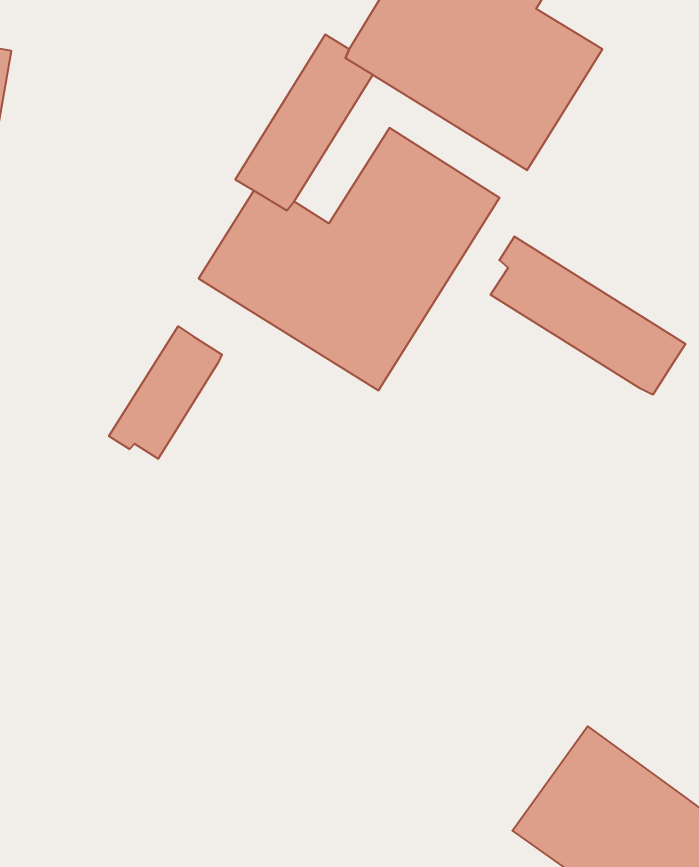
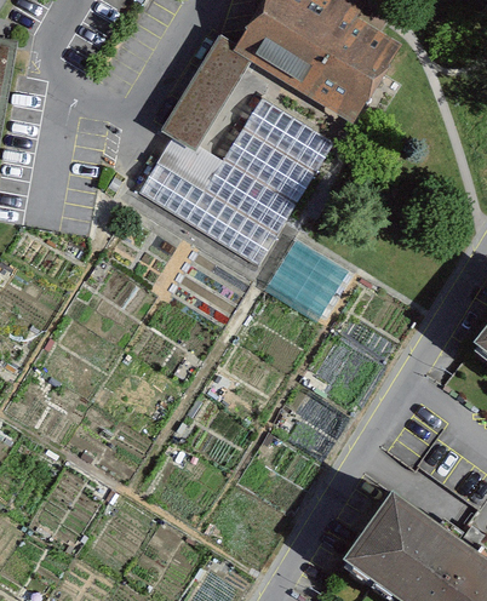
building: [491,236,685,395] -> none
building: [109,326,222,459] -> none

